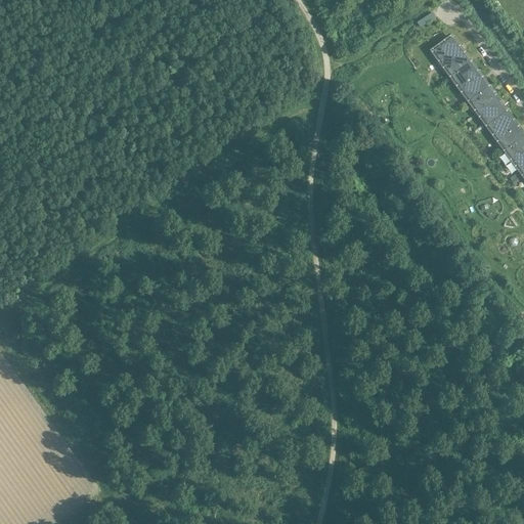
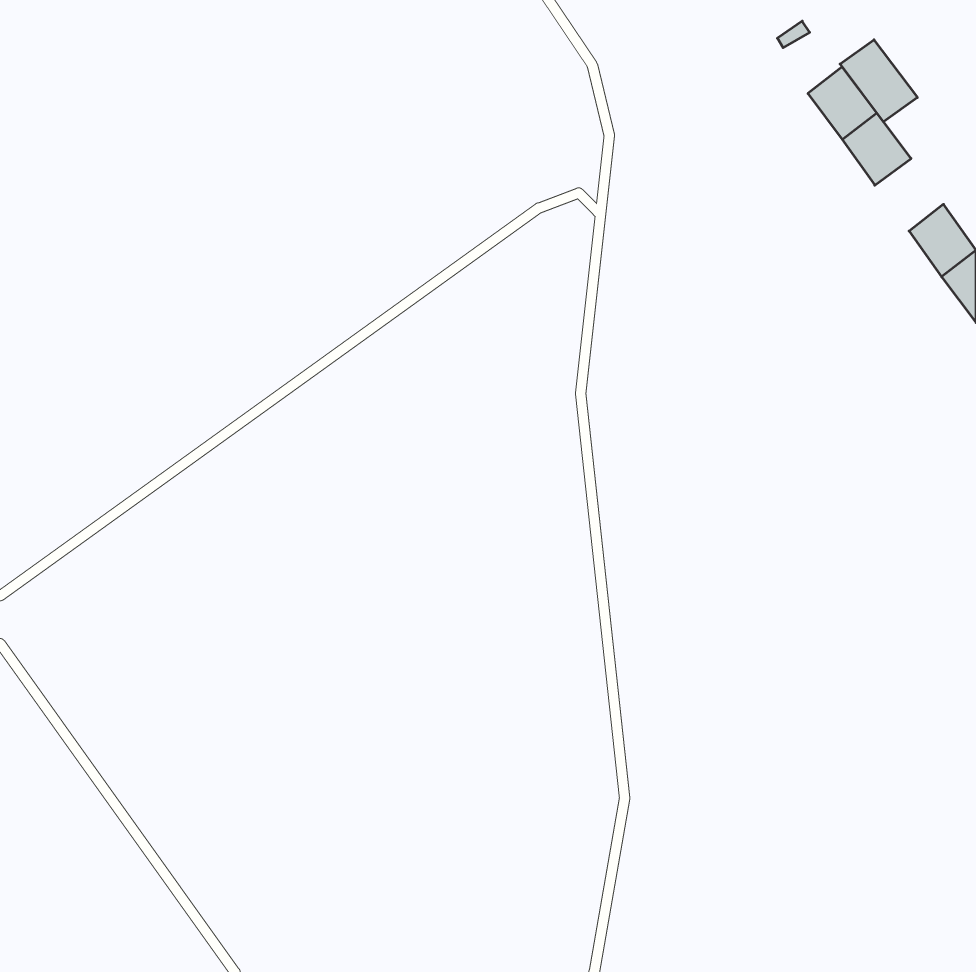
building: none -> [840,40,917,122]
building: [469,85,506,124] -> none

